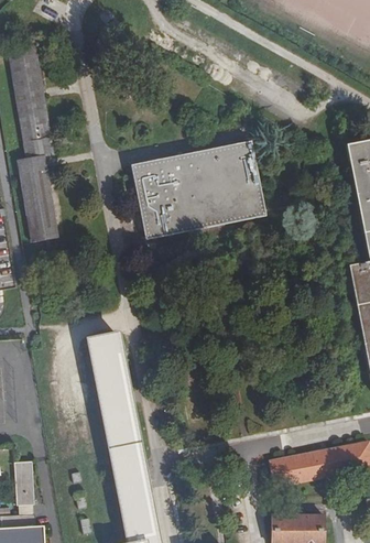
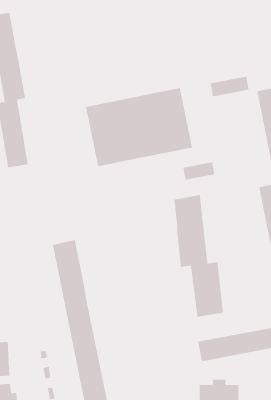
building: none -> [210,76,249,97]
building: none -> [183,161,215,180]
building: none -> [174,194,223,317]

